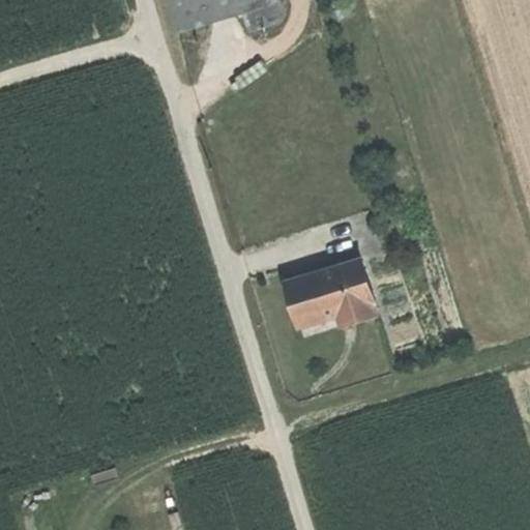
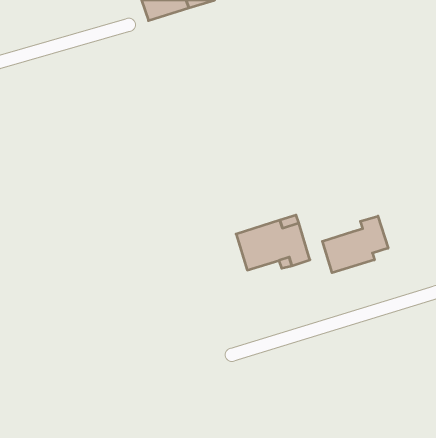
building: none -> [322,216,388,273]

